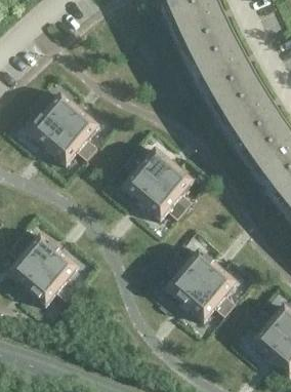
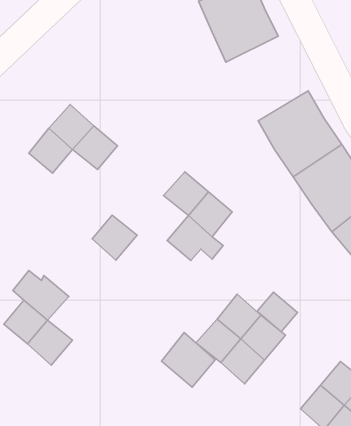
building: [188,36,255,106] -> none
building: [45,129,82,165] -> none
building: [120,167,157,204] -> [92,215,137,260]
building: none -> [257,292,298,332]
building: [41,250,78,286] -> none
building: none -> [162,332,215,387]

